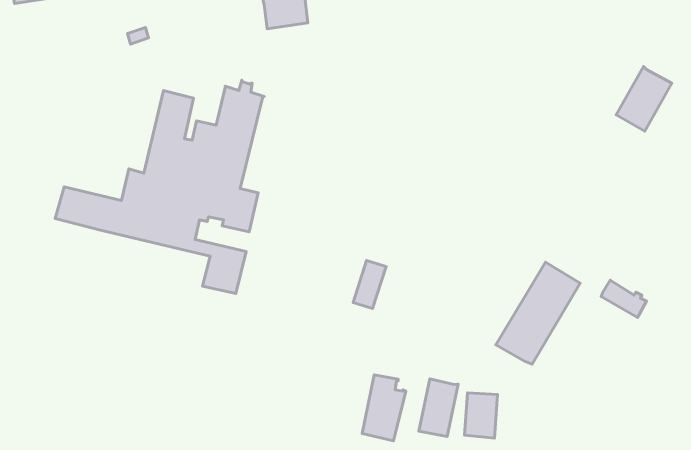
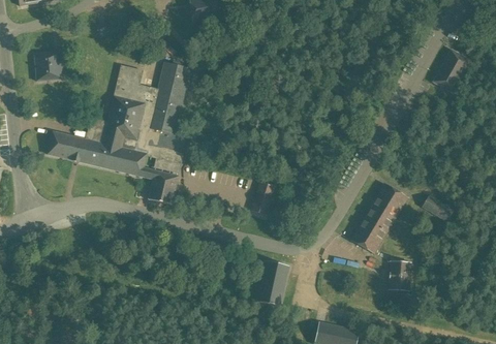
building: none -> [34,51,62,81]
building: [419,379,458,437] -> none
building: [465,393,498,438] -> [388,260,410,291]

